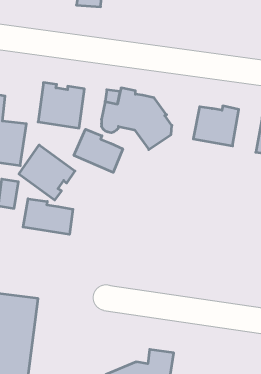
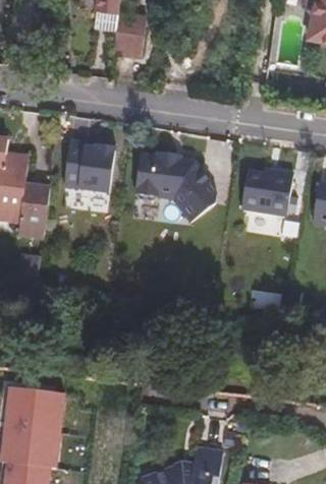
building: [74,129,123,172] -> none
building: [19,145,75,200] -> none
building: [23,199,73,234] -> none

